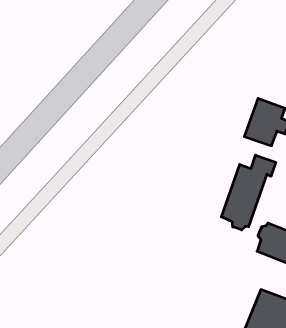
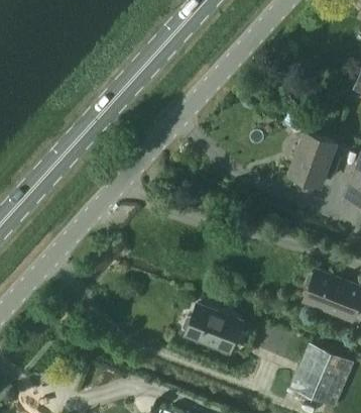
building: [221,155,276,230] -> none
building: none -> [184,305,242,352]

